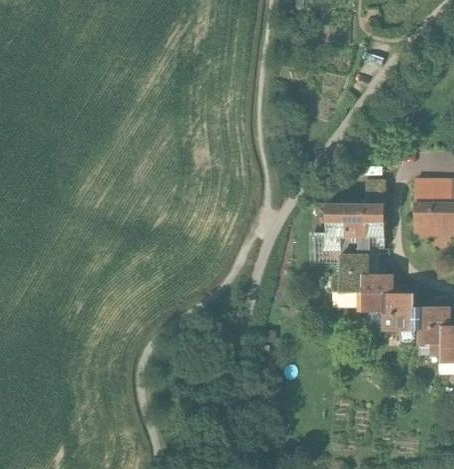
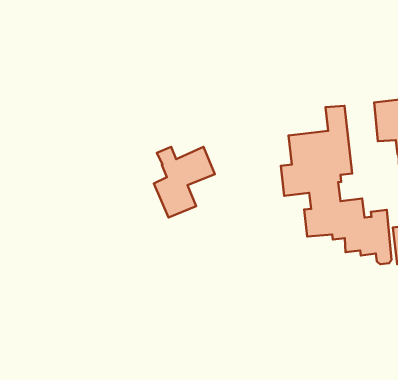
building: none -> [154,147,215,218]

